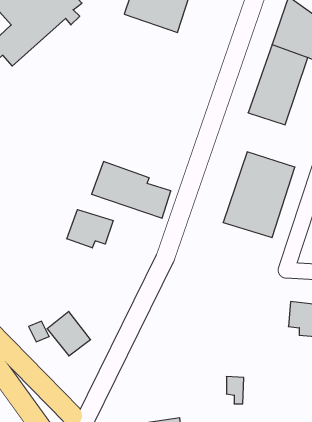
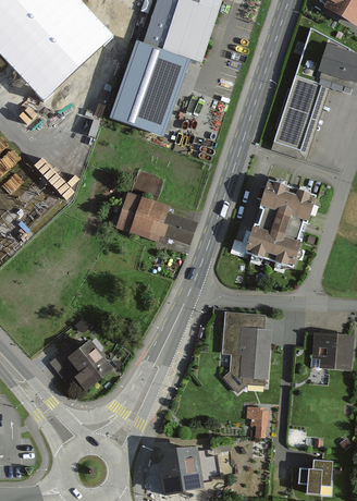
building: none -> [112,41,189,132]
building: [67,210,113,248] -> none
building: none -> [221,313,269,394]

